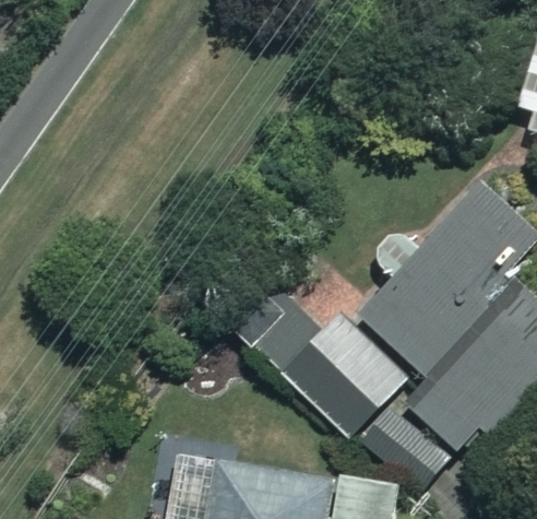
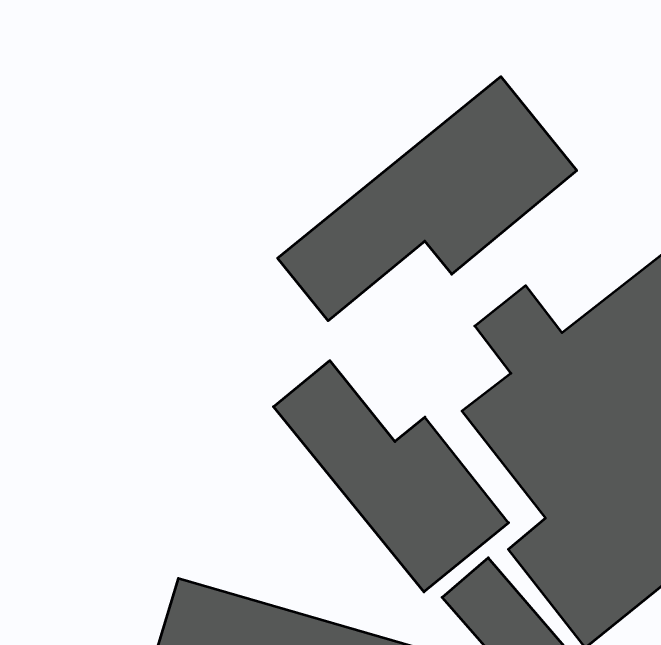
building: none -> [278,77,577,321]

